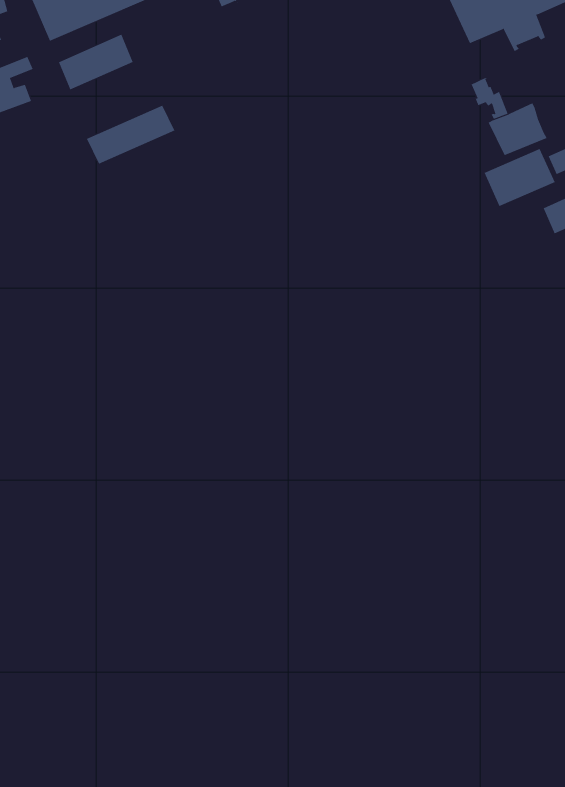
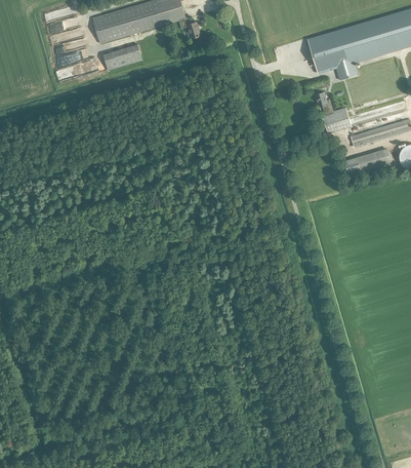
building: [86,105,175,165] -> none
building: [484,148,556,207] -> none

